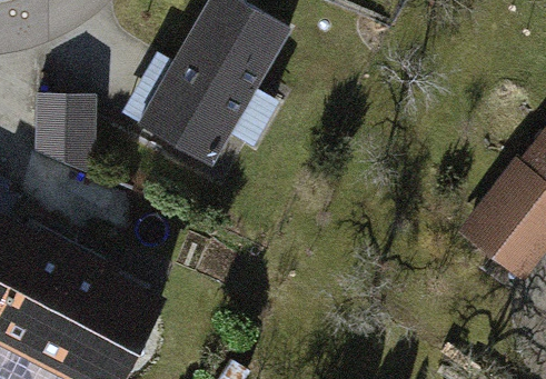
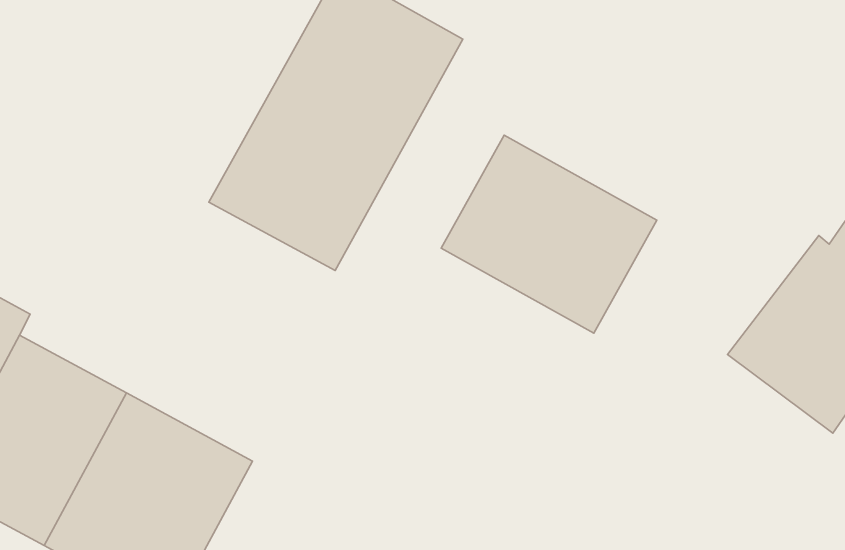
building: none -> [441,135,657,333]
building: [32,98,93,178] -> none

